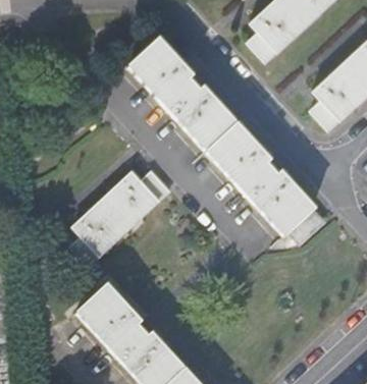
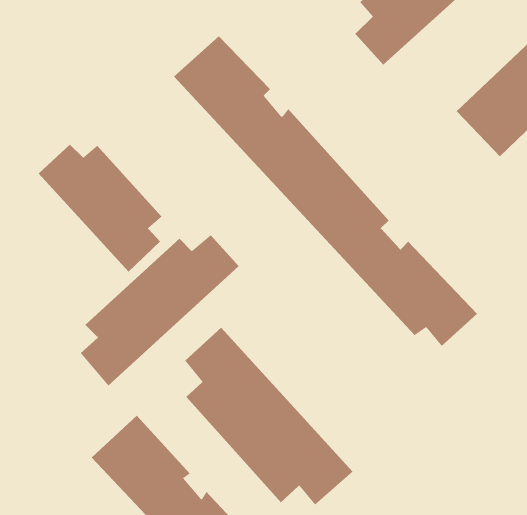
building: none -> [38,144,163,273]
building: none -> [184,327,354,505]

